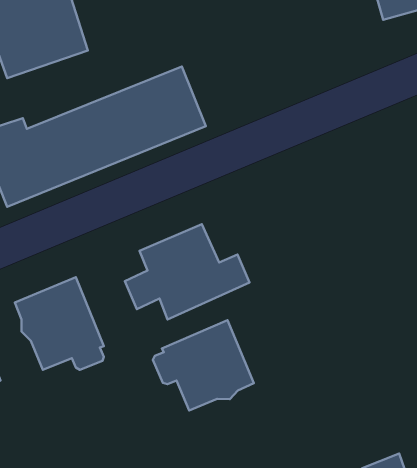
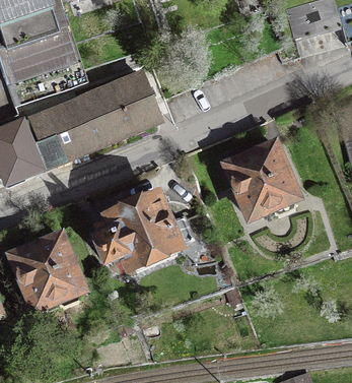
building: none -> [227,144,296,216]
building: [153,320,254,411] -> none

